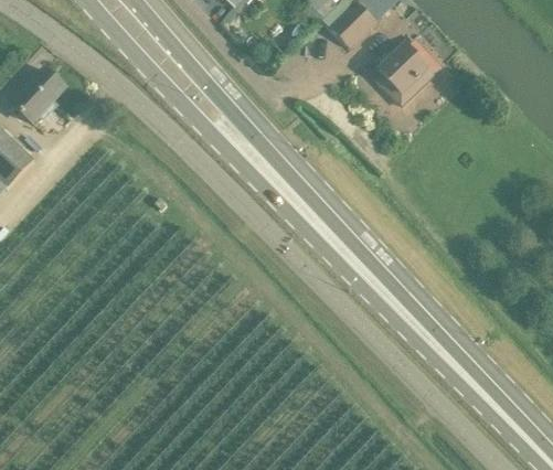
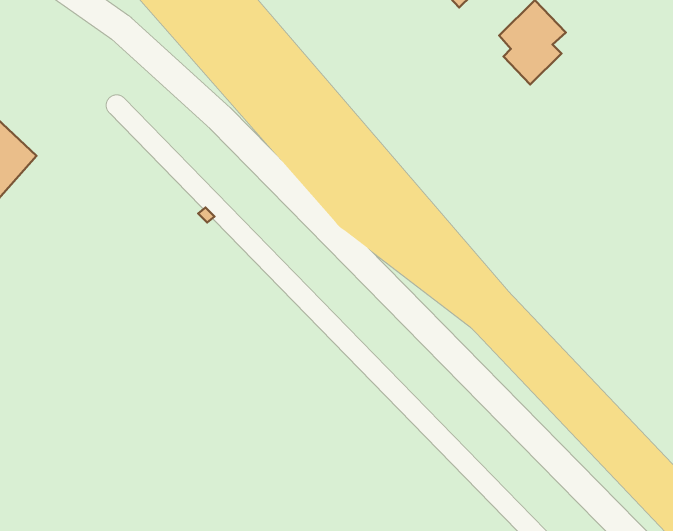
building: [12,67,65,121] -> none

